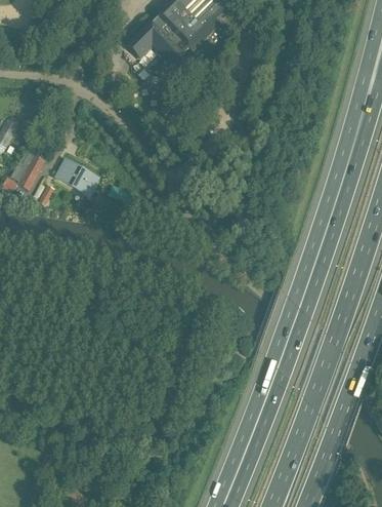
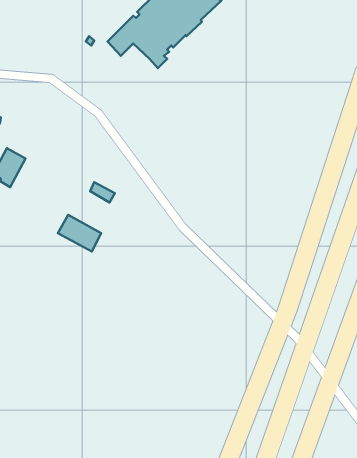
building: [55,158,98,195] -> [58,215,101,252]

